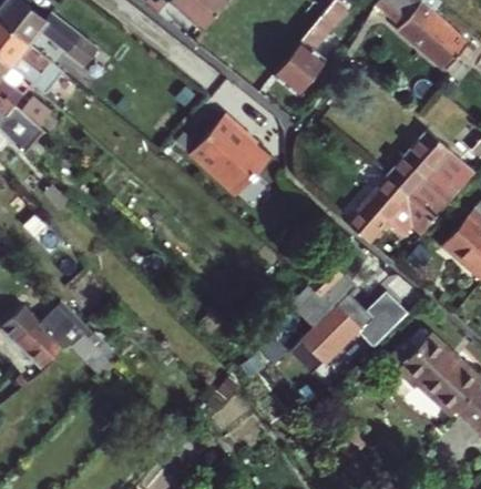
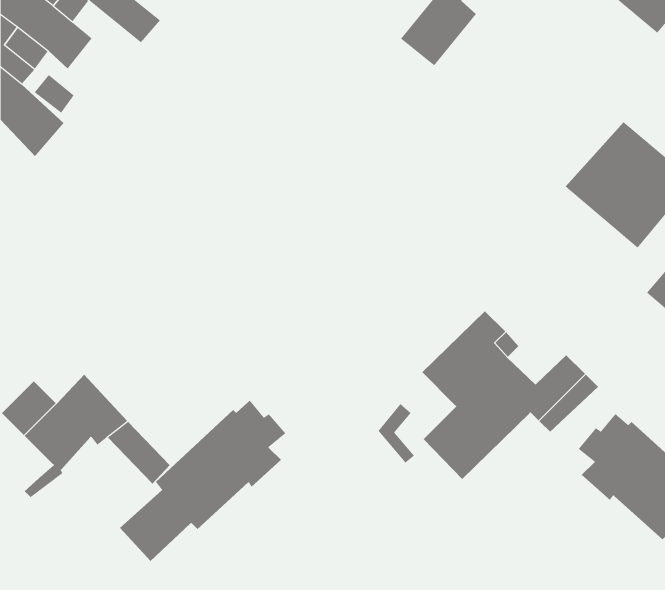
building: [190,115,267,196] -> none
building: [345,175,434,242] -> none
building: none -> [119,400,286,562]

